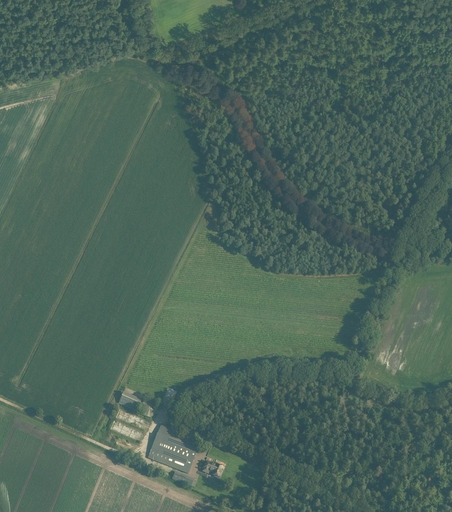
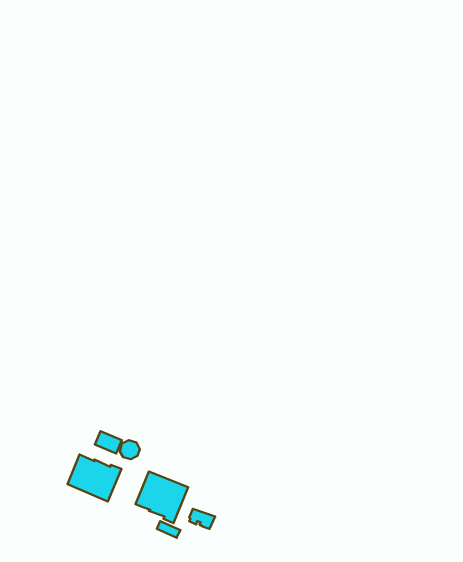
building: none -> [67,455,122,502]

